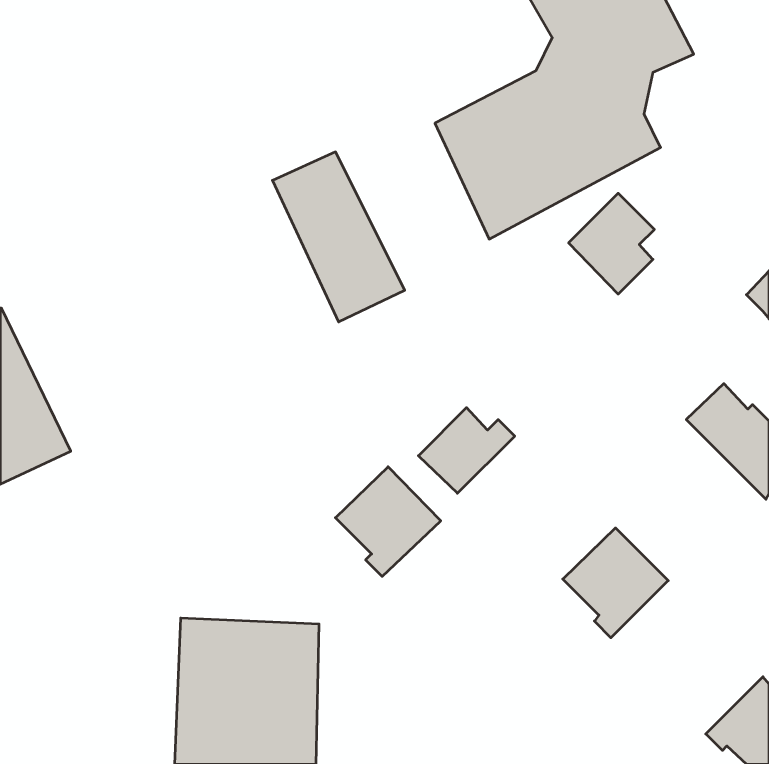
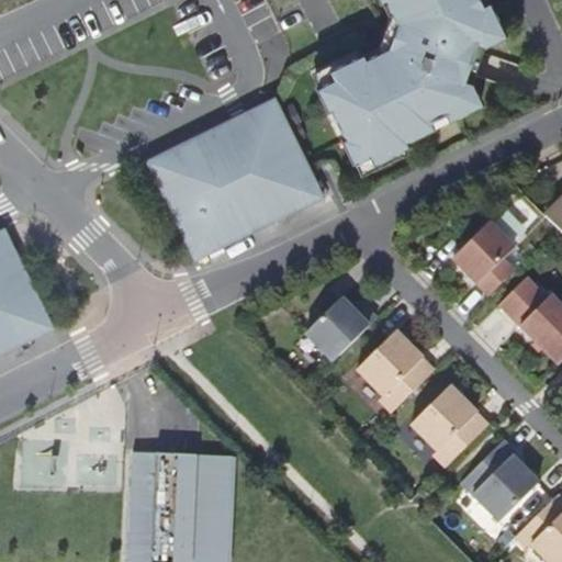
building: none -> [245,95,326,212]
building: none -> [143,132,247,257]
building: [569,193,654,294] -> [452,221,515,294]
building: [335,467,441,576] -> [357,330,434,411]
building: none -> [460,440,537,520]

